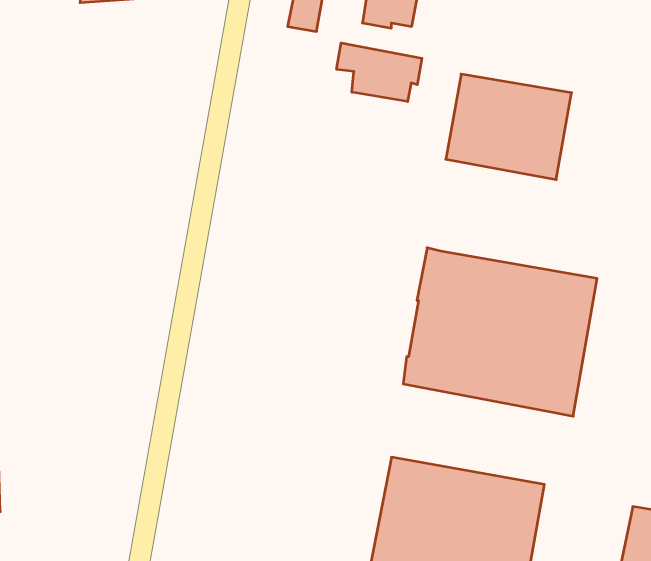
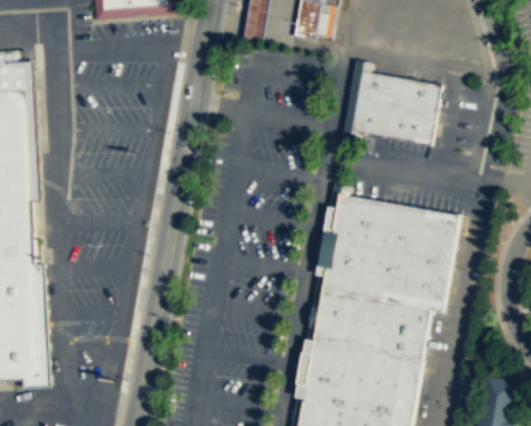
building: [337,43,422,102] -> none
building: none -> [315,289,432,360]

